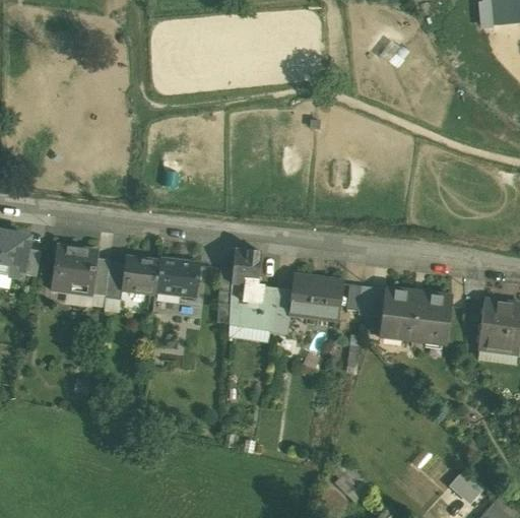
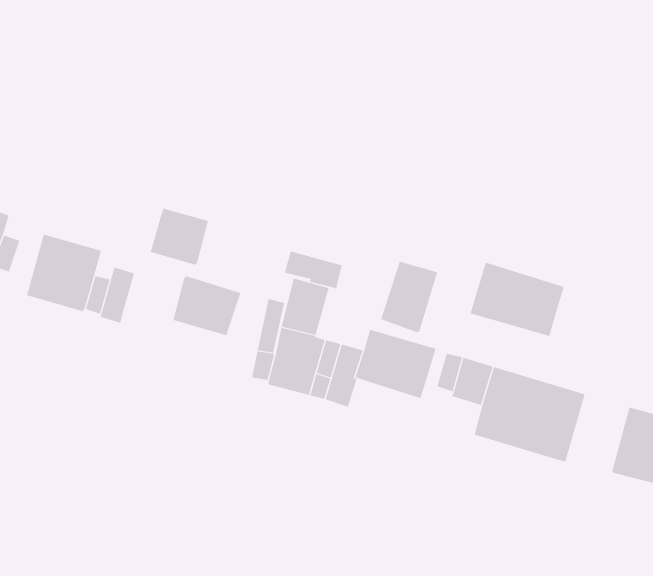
building: none -> [470,262,564,337]
building: none -> [380,261,438,333]
building: none -> [284,250,342,289]
building: [122,256,159,293] -> [150,208,209,265]

